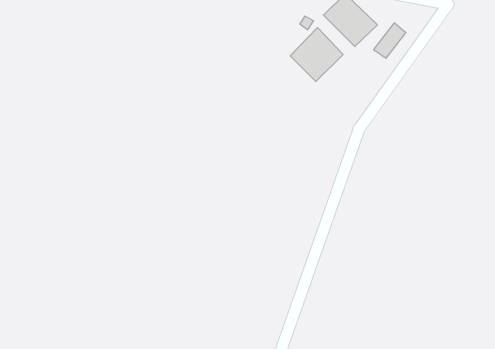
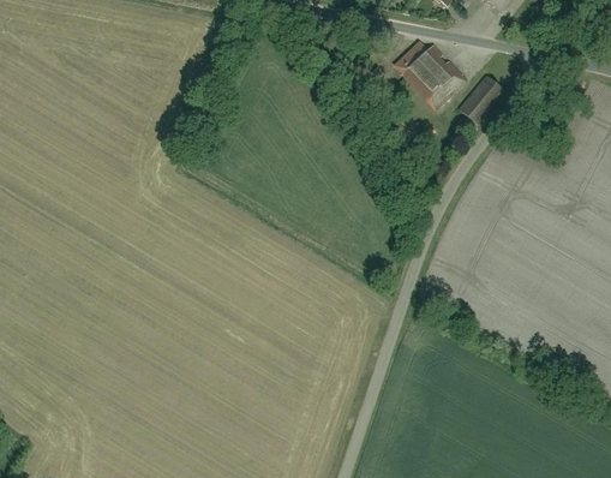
building: [290,28,343,81] -> none

